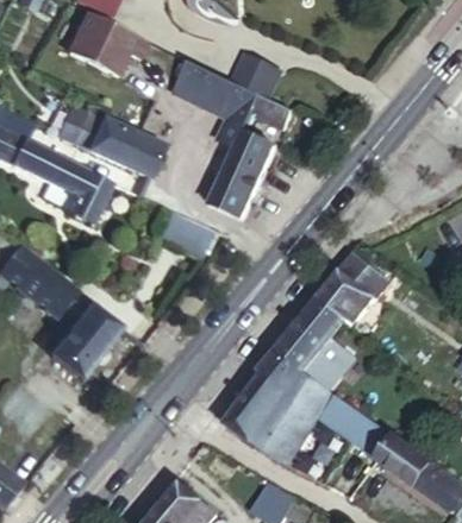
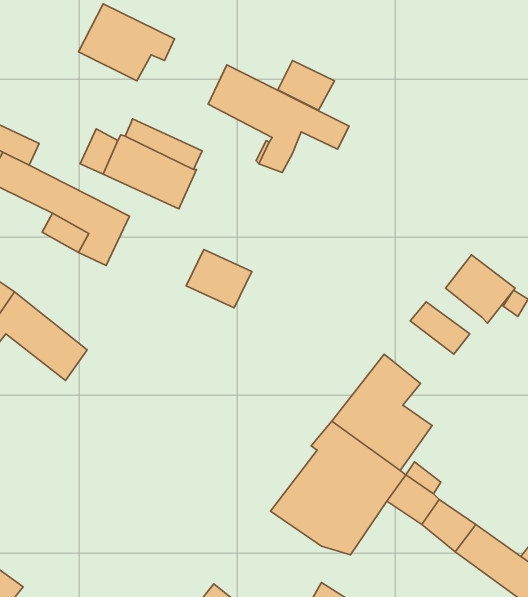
building: [211,132,274,216] -> none
building: [318,269,375,324] -> [445,255,515,323]
building: [50,304,121,379] -> none

